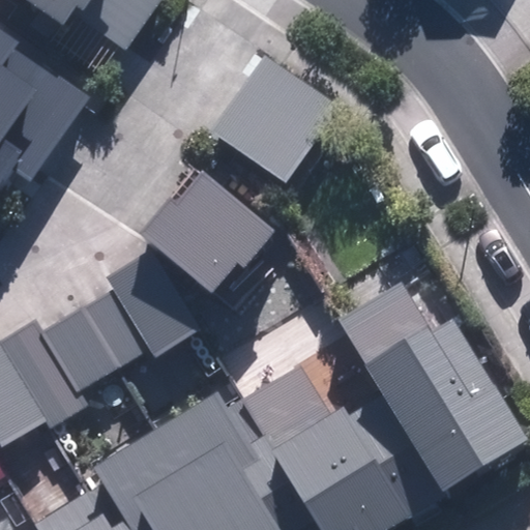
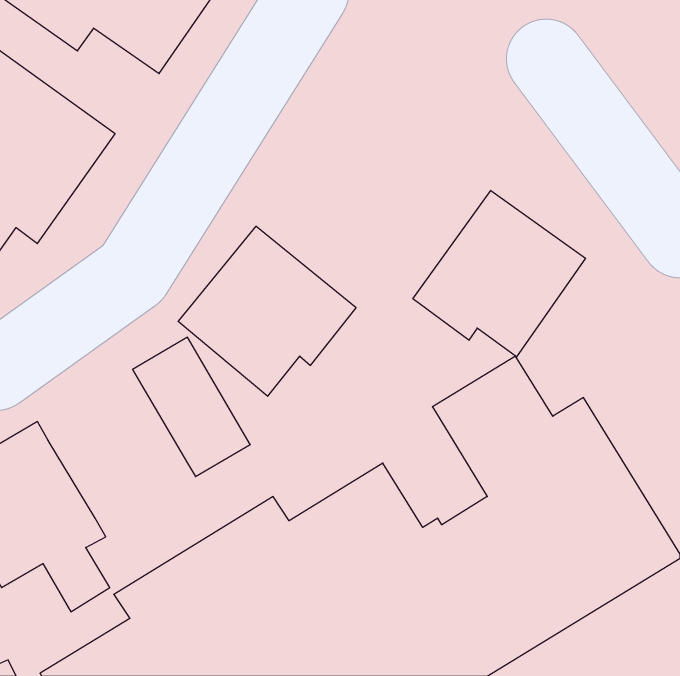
building: [206,56,340,194] -> none
building: none -> [413,190,586,357]
building: [37,298,145,401] -> none

